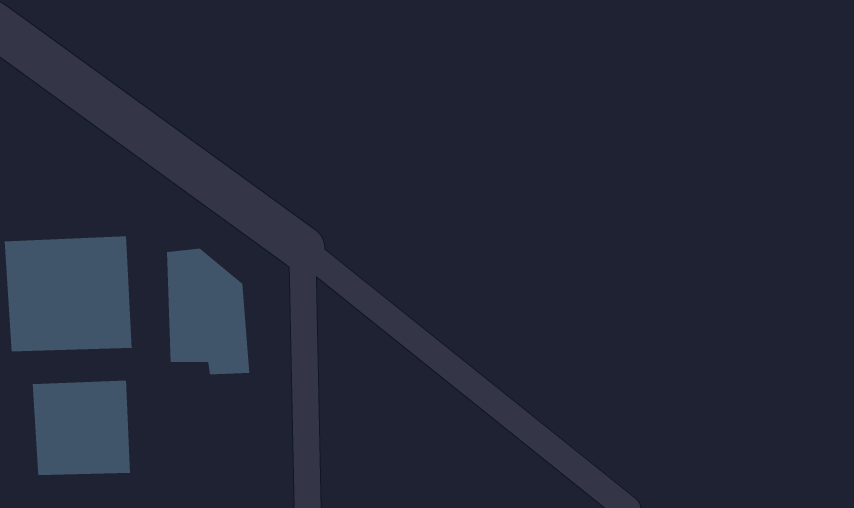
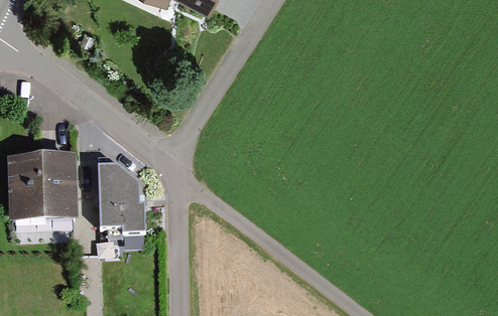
building: [32,380,131,476] -> none

